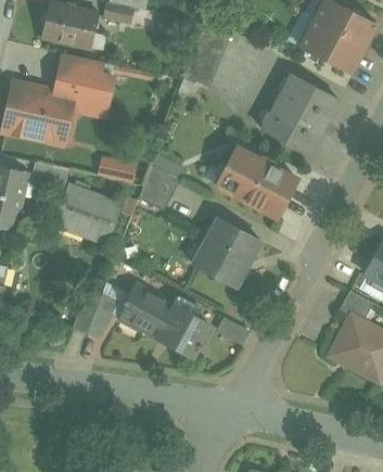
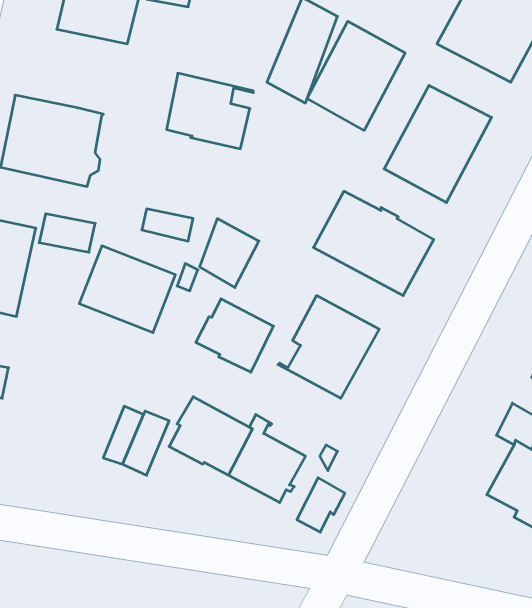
building: none -> [307,21,405,130]
building: [55,53,114,104] -> [167,73,253,149]
building: none -> [196,299,274,372]
building: none -> [297,478,345,532]

